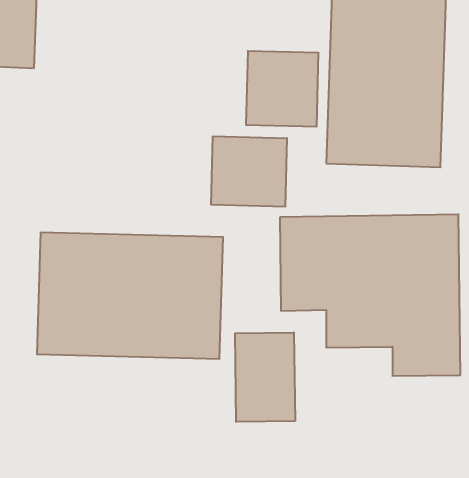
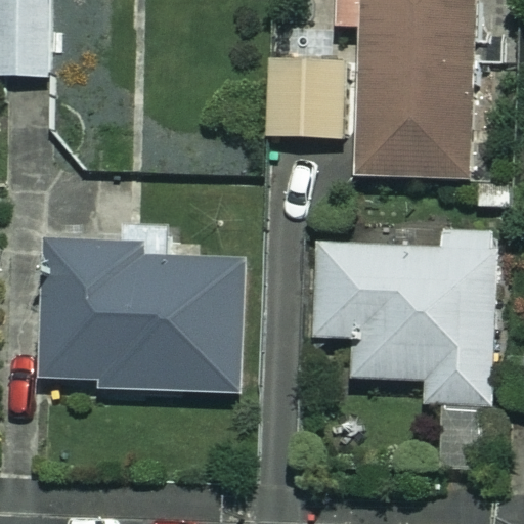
building: [211,136,287,207] -> none
building: [235,332,295,422] -> none

